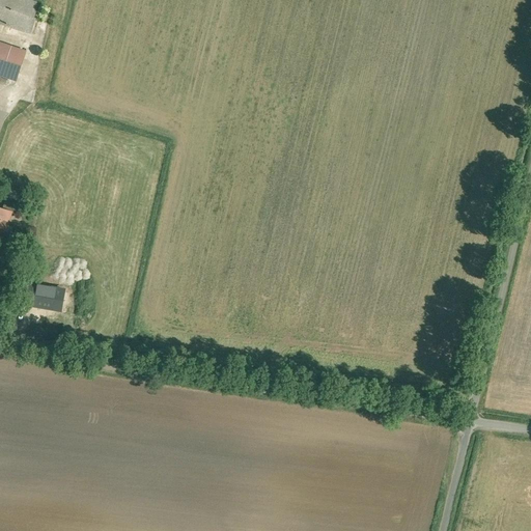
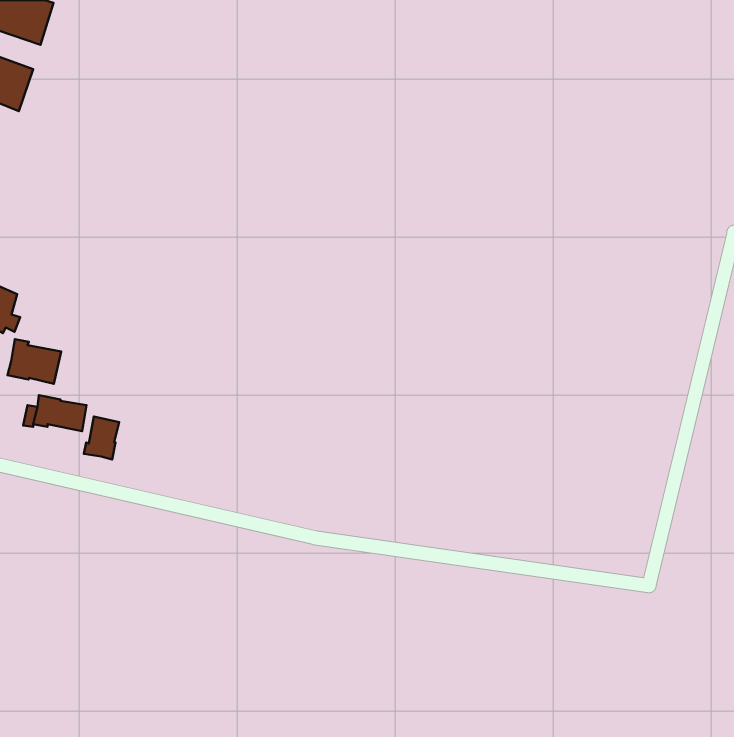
building: none -> [8,339,61,384]
building: none -> [84,416,119,460]

